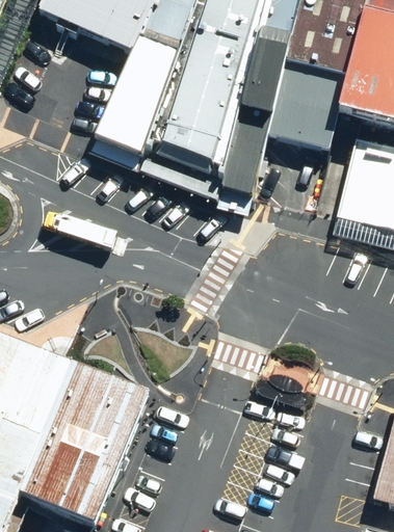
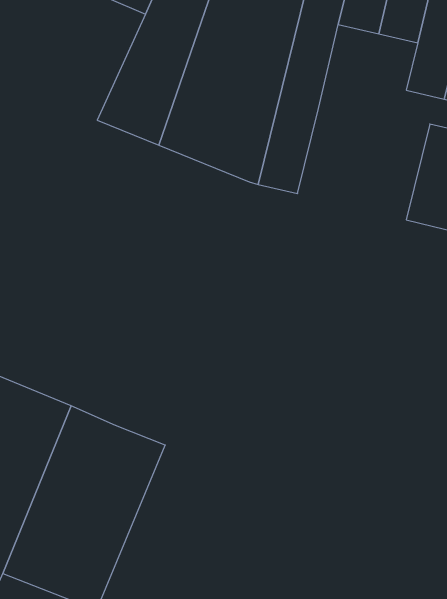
building: [270,60,347,140] -> none

